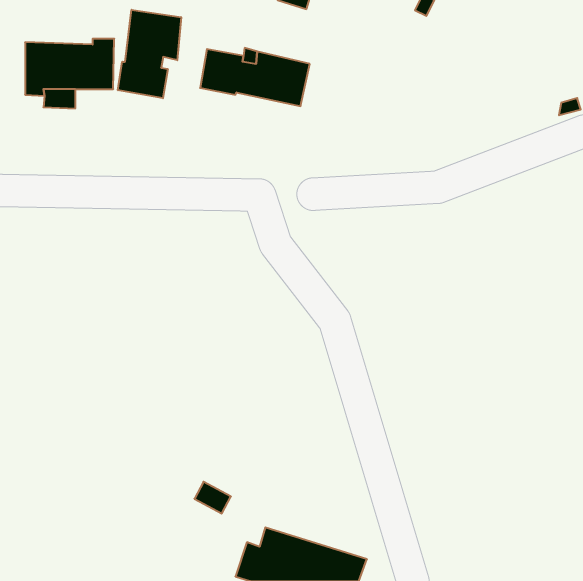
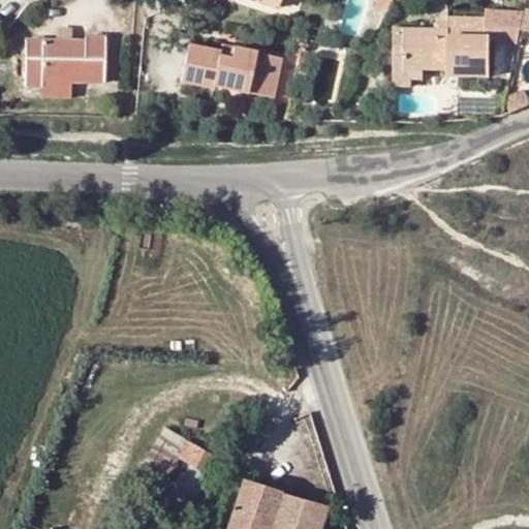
building: [118,10,181,98] -> none
building: none -> [403,10,523,75]

